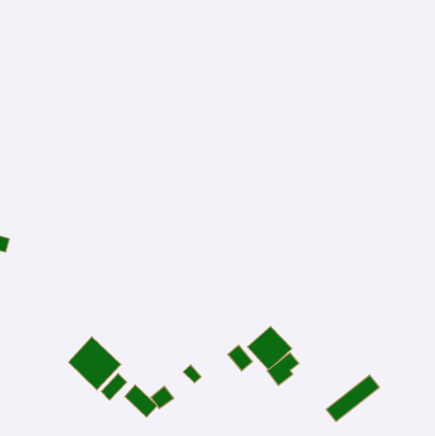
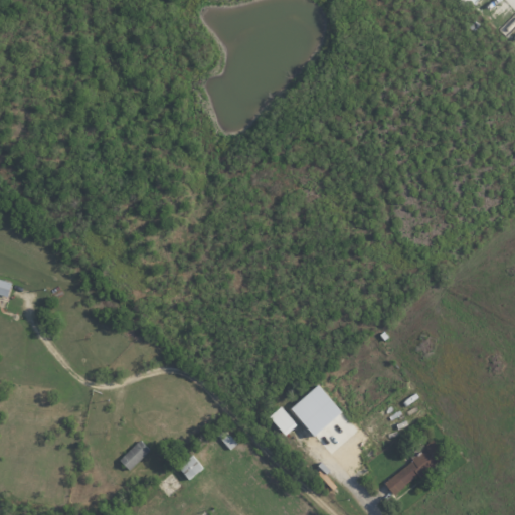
building: [69,337,121,390] -> none
building: [125,385,157,417] -> none

